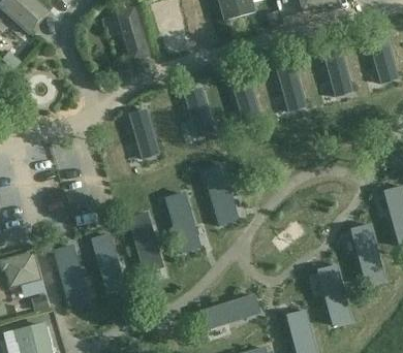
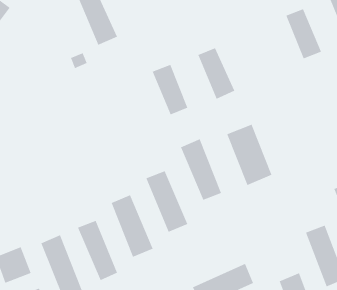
building: [275,61,308,111] -> none
building: [128,107,160,158] -> none
building: none -> [226,124,272,186]

